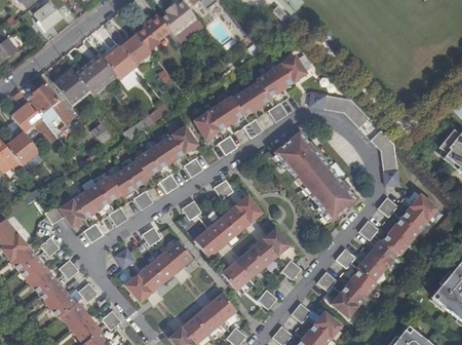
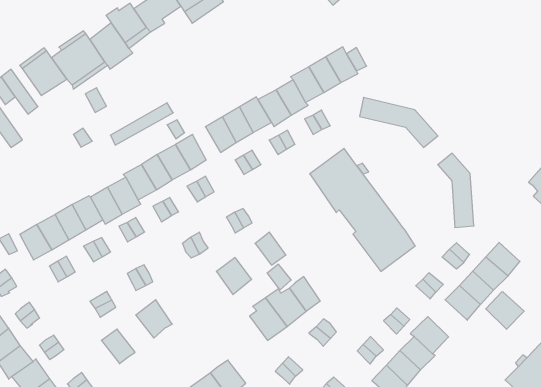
building: [222,205,249,232] -> none
building: [194,228,222,256] -> none
building: [369,239,397,267] -> [486,292,524,329]
building: [164,241,191,269] -> none
building: [221,260,249,290] -> none
building: [137,264,164,292] -> none

